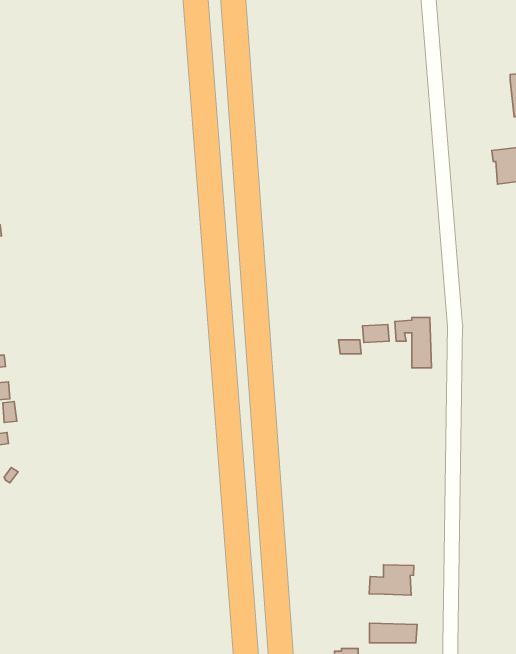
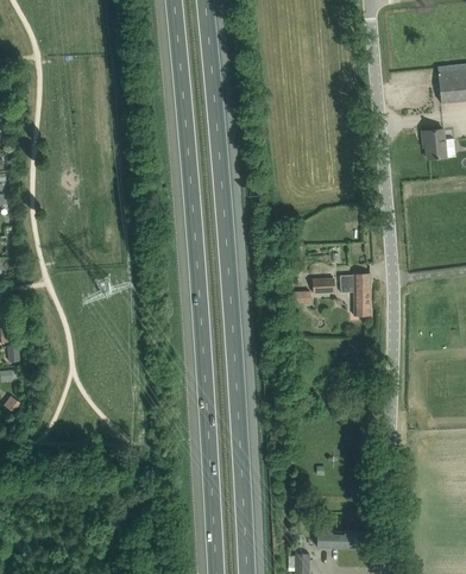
building: [369,565,414,595] -> none

